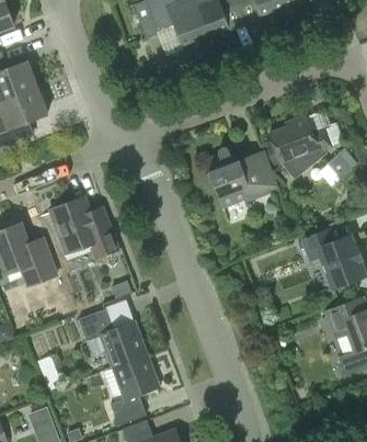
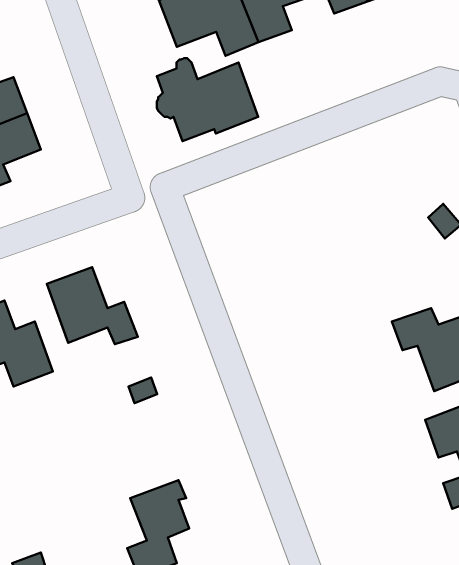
building: [268,115,332,162] -> none
building: [204,147,277,207] -> [157,58,258,141]
building: [78,309,147,367] -> none

